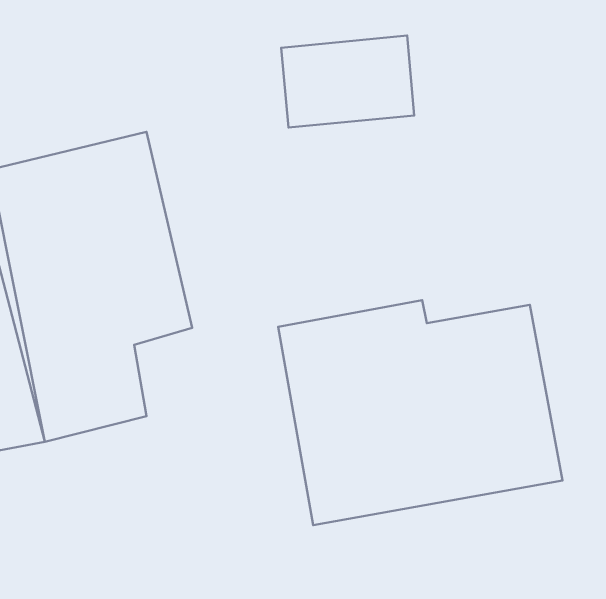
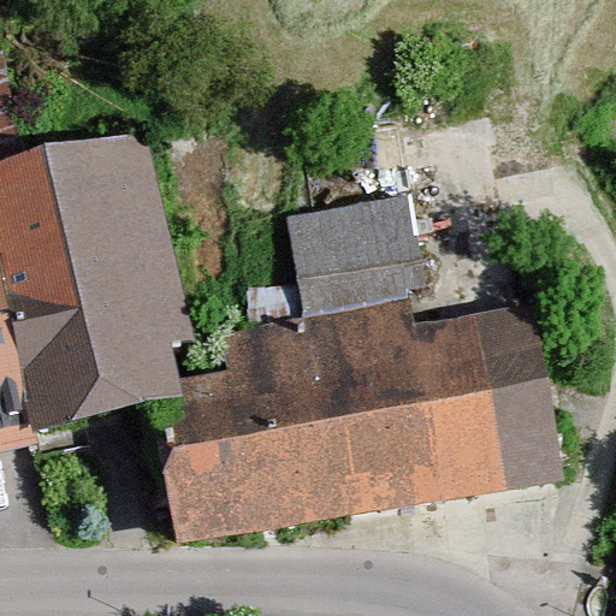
building: [281,36,414,128] -> [282,179,414,271]
building: none -> [142,325,304,540]

